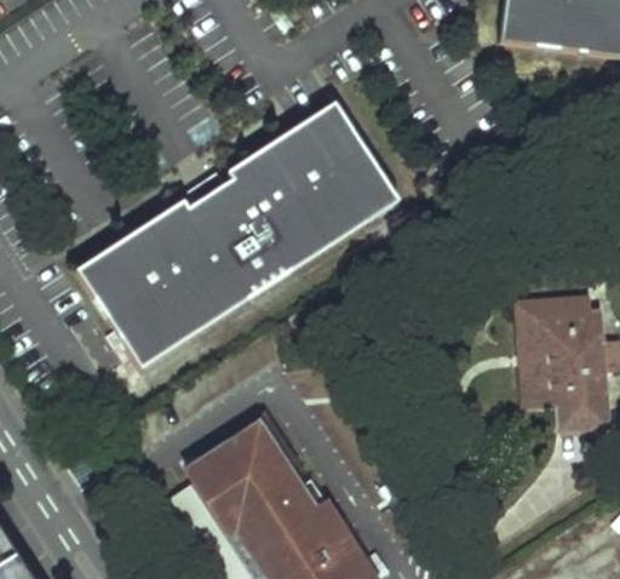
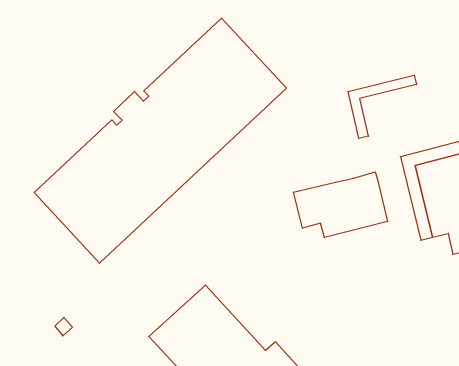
building: none -> [348,75,416,138]
building: none -> [294,172,388,238]

